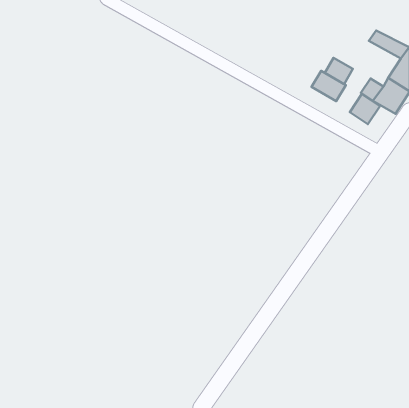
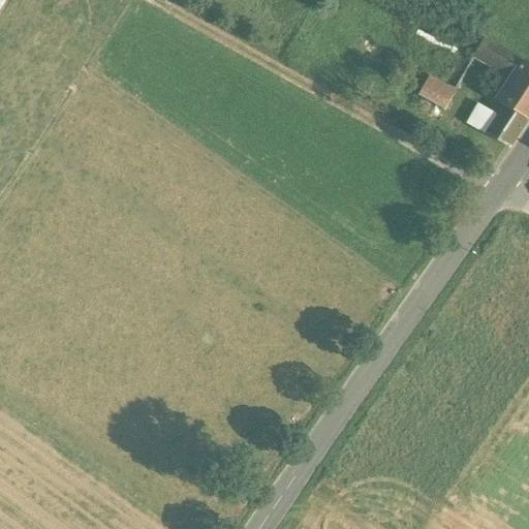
building: [312,71,346,101] -> none
building: [350,94,380,124] -> none

